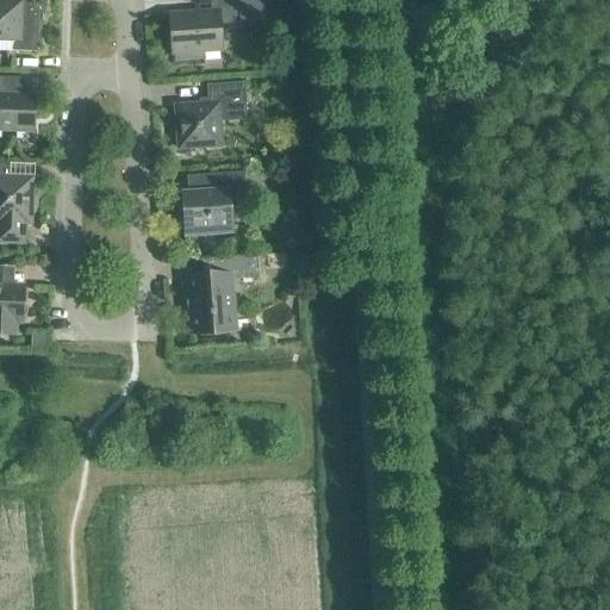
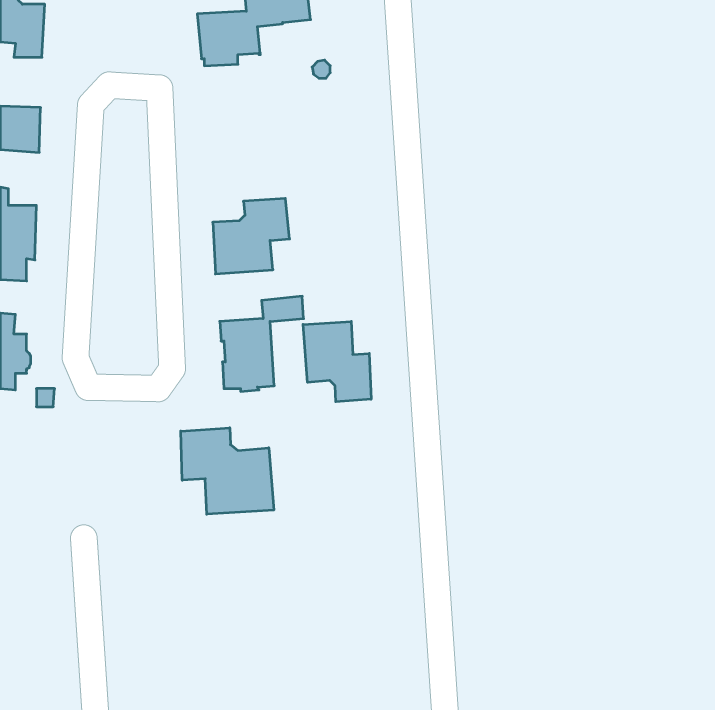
building: [175,80,247,147] -> none
building: none -> [303,321,371,402]
building: none -> [181,428,274,514]

